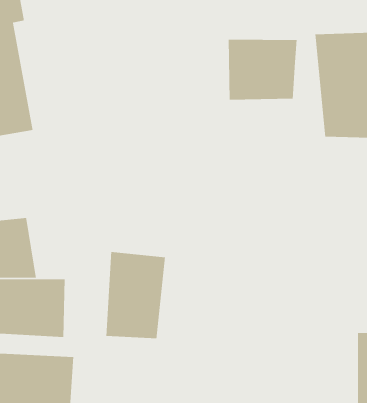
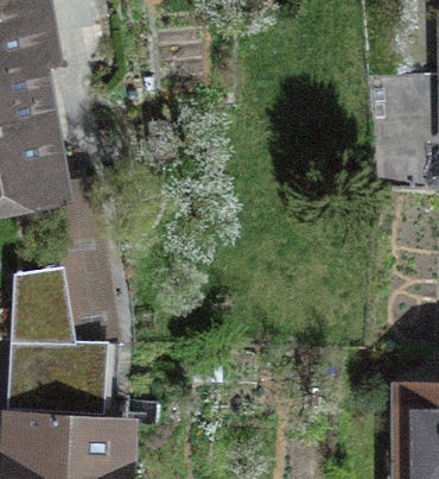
building: [228,39,297,100] -> none
building: [106,251,166,339] -> none

